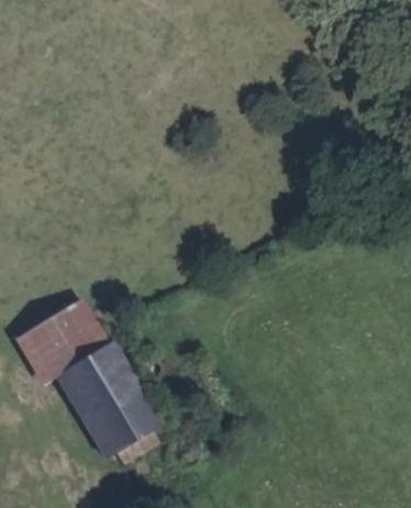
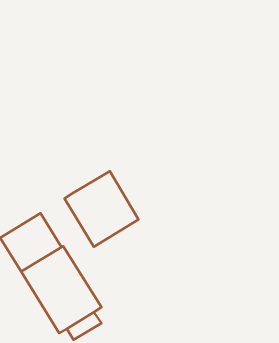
building: none -> [65,171,138,247]

